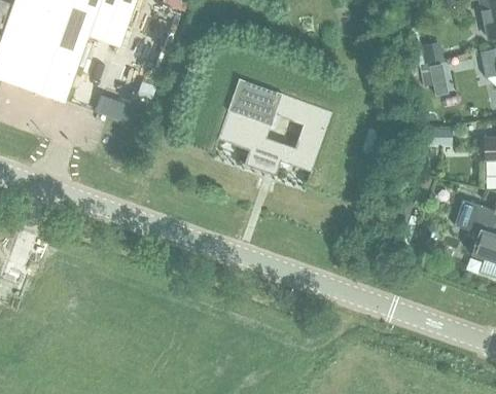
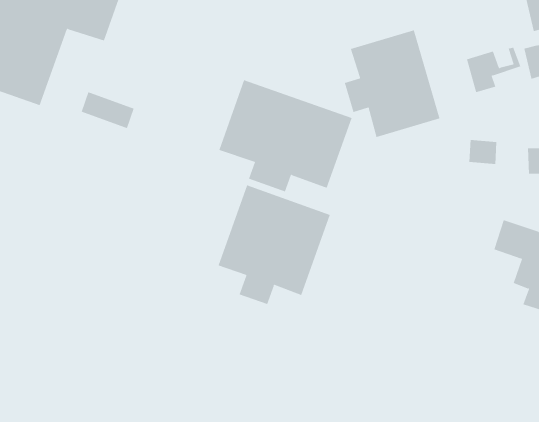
building: none -> [344,30,440,138]
building: none -> [218,185,330,305]

